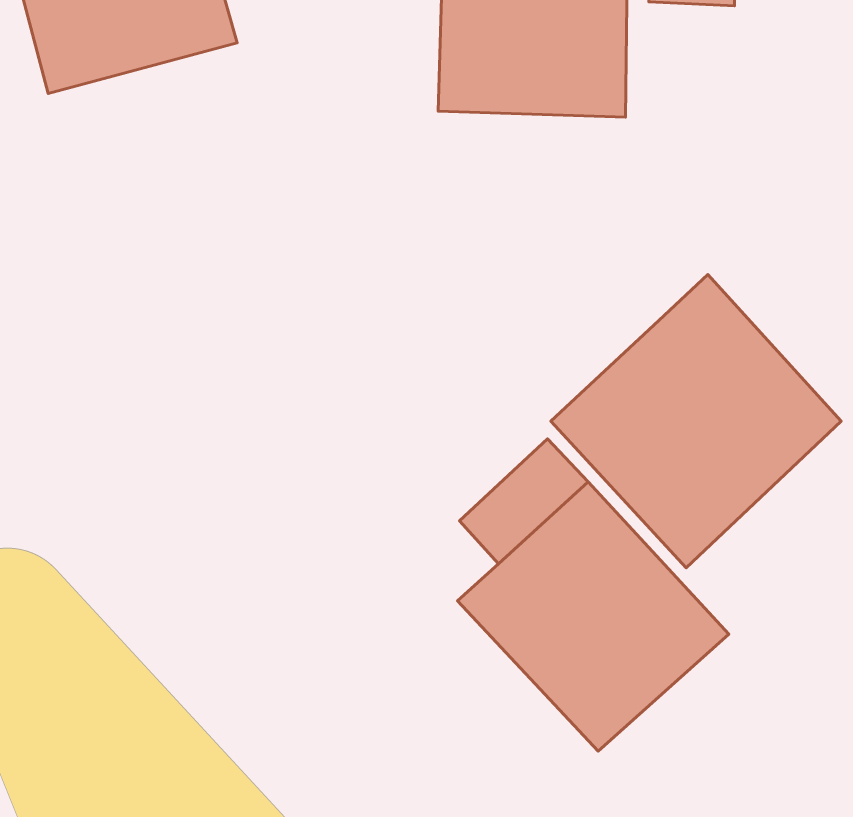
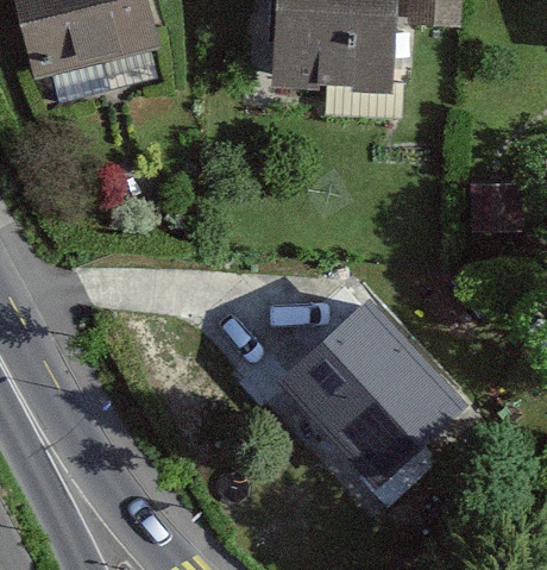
building: [551,274,841,568] -> none

